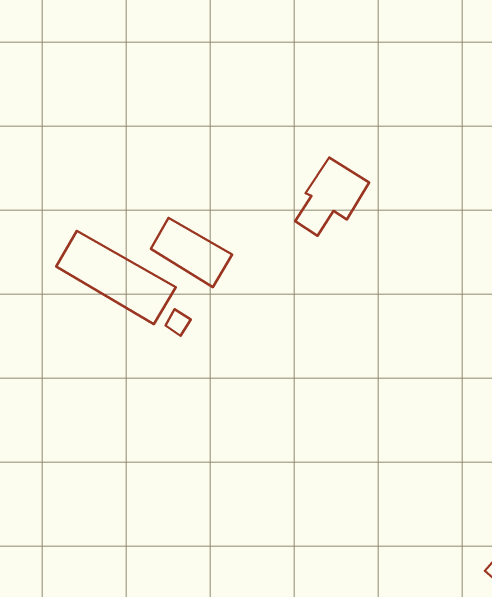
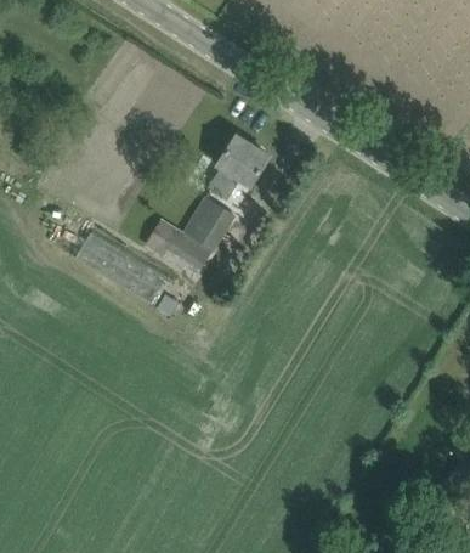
building: [295,158,369,236] -> [208,135,268,199]
building: none -> [187,197,234,248]

